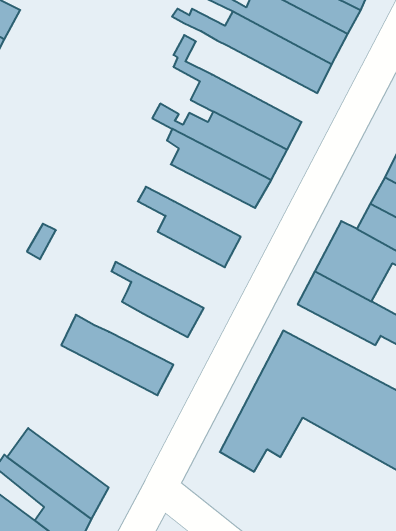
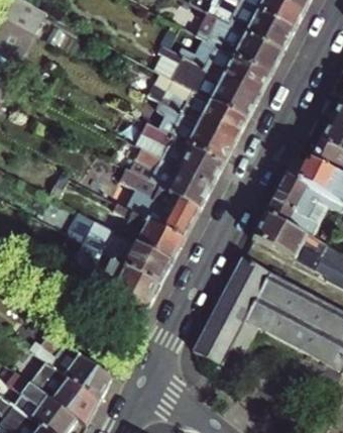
building: none -> [189,39,269,98]
building: none -> [136,122,222,186]
building: none -> [117,169,199,240]
building: none -> [87,222,170,284]

